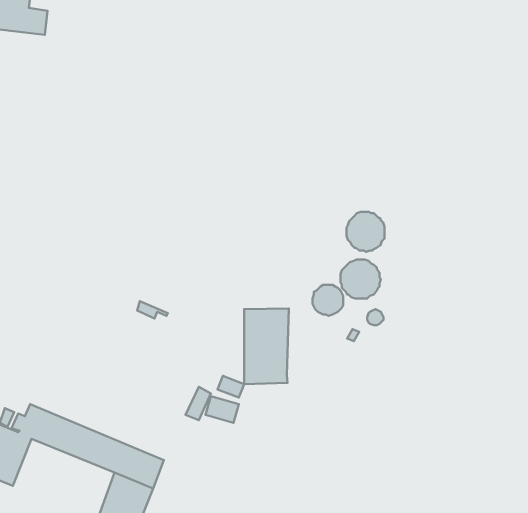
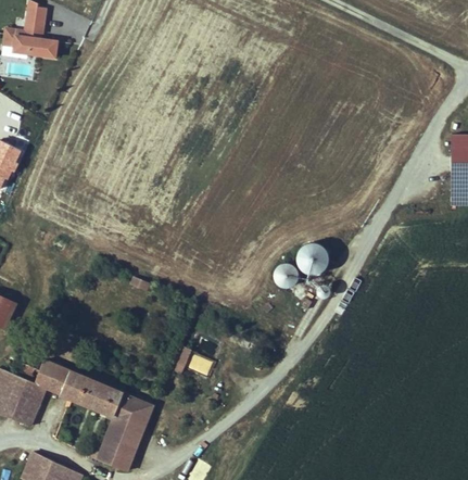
building: [347,212,384,252] -> none
building: [244,308,289,384] -> none

